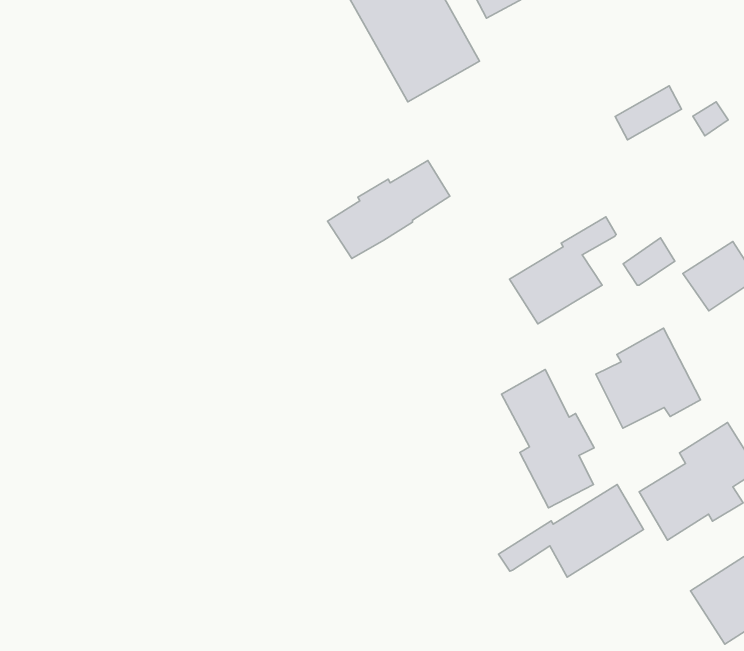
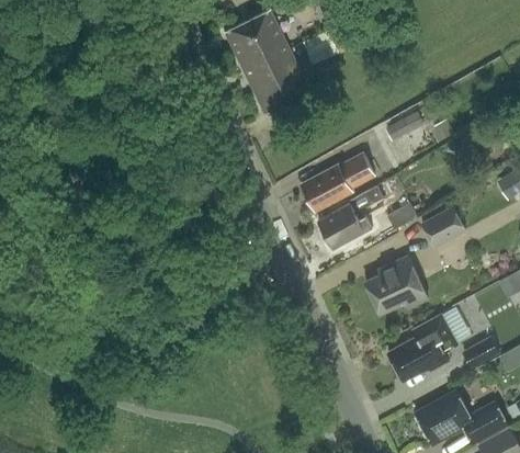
building: [328,160,450,259] -> [301,154,374,209]
building: [502,370,594,508] -> none
building: [498,484,643,577] -> none

